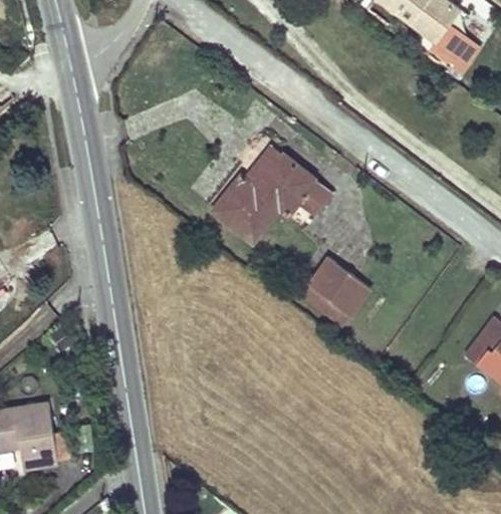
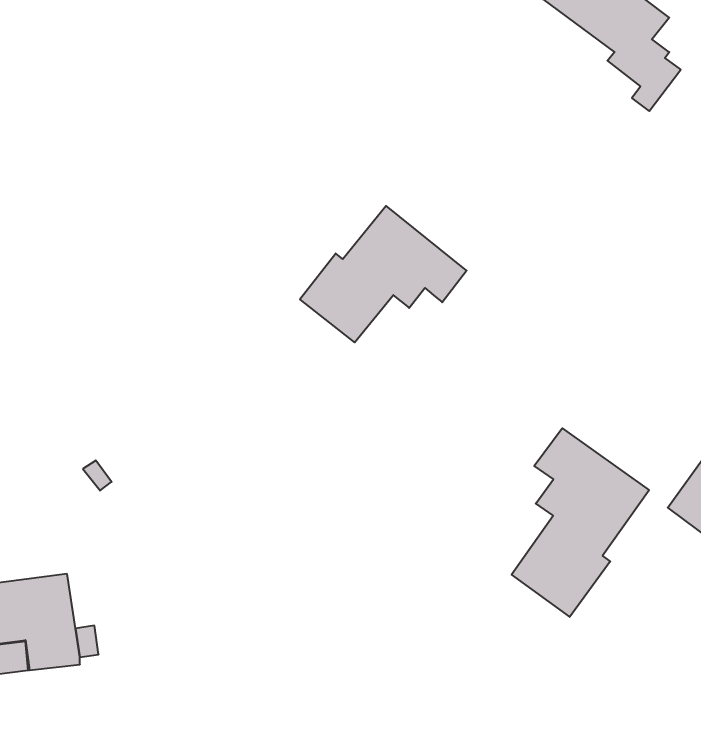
building: [299,256,368,324] -> none
building: none -> [512,428,649,617]

